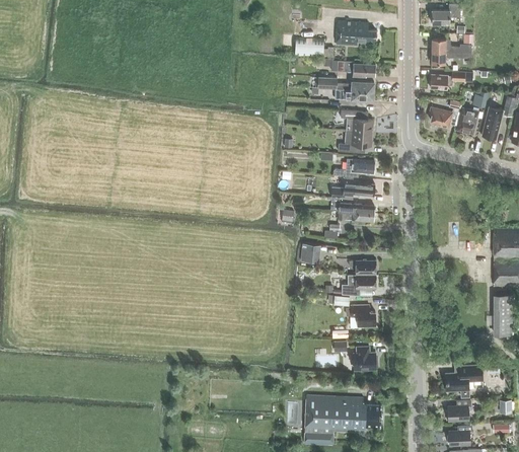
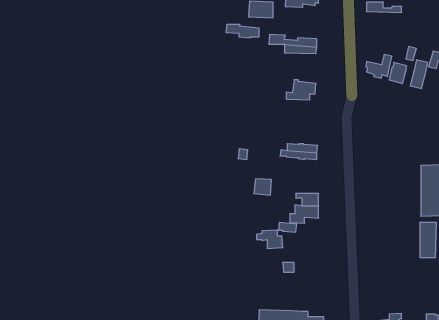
building: [431,50,471,64] -> none
building: [337,61,375,76] -> [226,25,259,38]
building: [430,71,472,90] -> none
building: [340,109,373,133] -> none
building: [333,158,374,176] -> none
building: [330,180,374,199] -> none
building: [346,303,376,324] -> [257,230,283,248]
building: [353,346,377,369] -> none
building: [445,364,481,397] -> none

